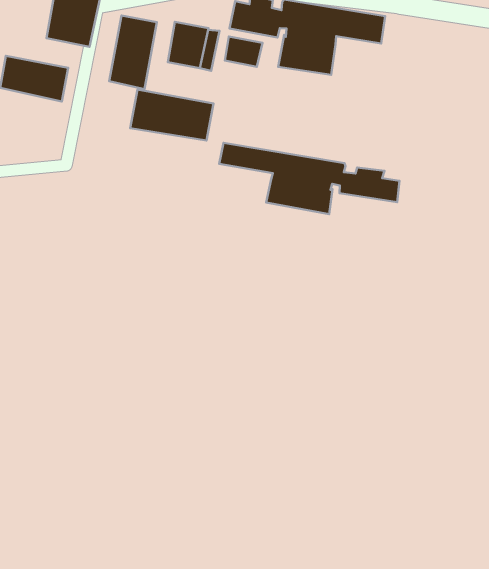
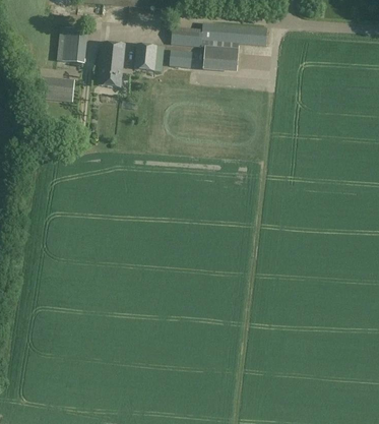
building: [130,89,213,140] -> none
building: [219,143,400,214] -> none

